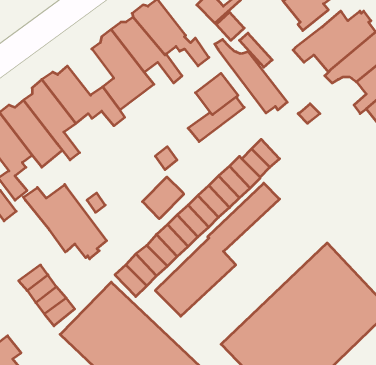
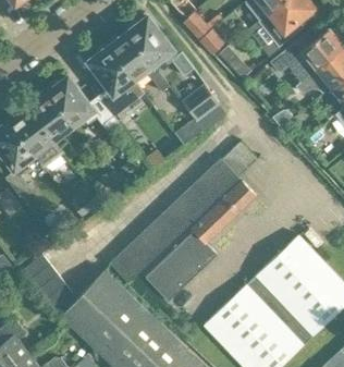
building: [215,39,287,113] -> none
building: [142,177,184,219] -> none
building: [23,184,107,259] -> none

